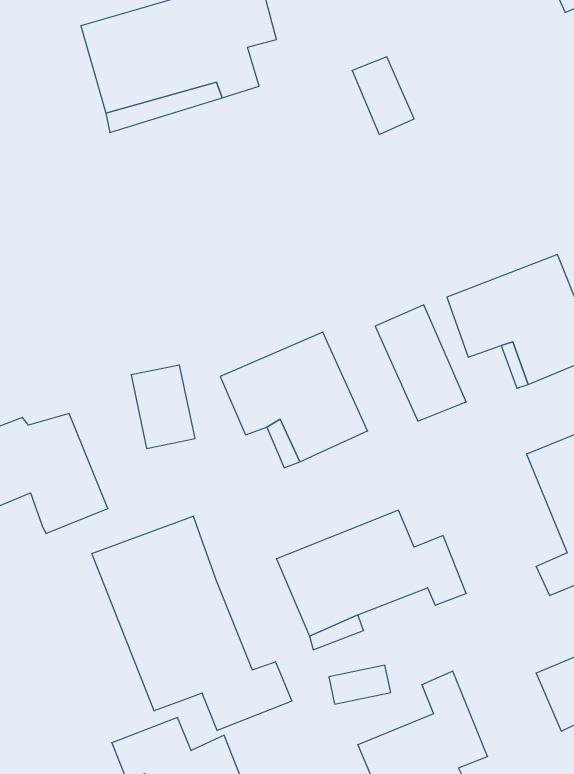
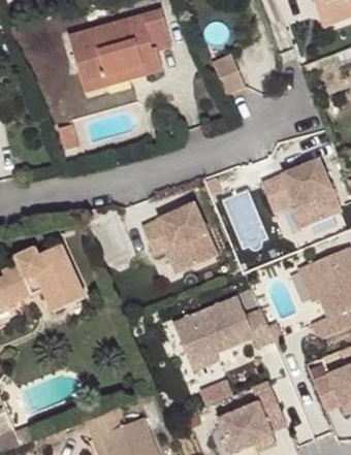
building: [92,516,292,731] -> none

